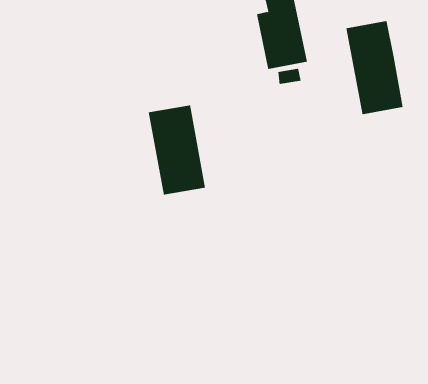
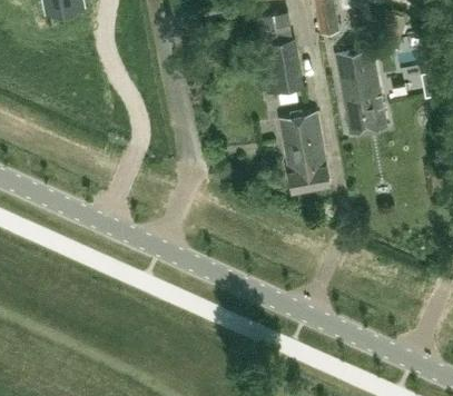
building: [148,105,206,195] -> [279,110,331,190]

